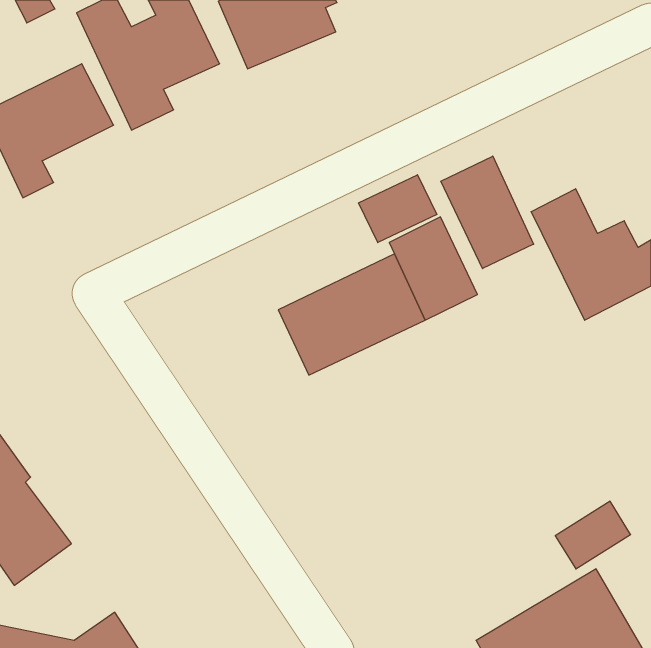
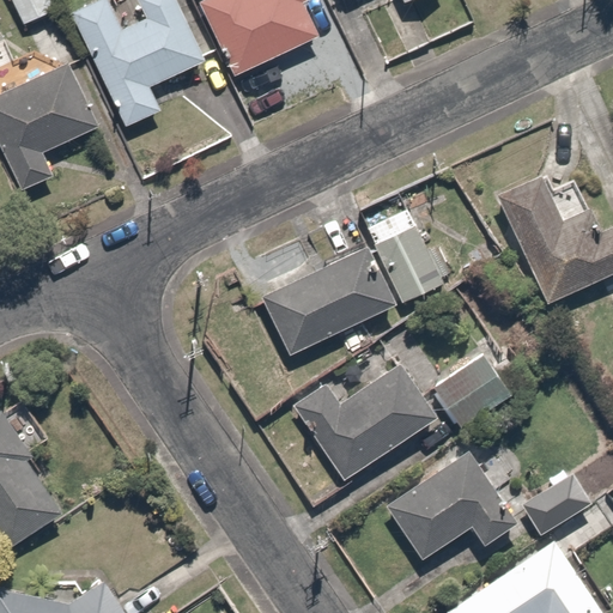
building: [441,156,534,269] -> none
building: [358,175,437,243] -> none
building: none -> [429,350,515,433]
building: none -> [292,364,438,480]
building: none -> [387,455,516,556]

